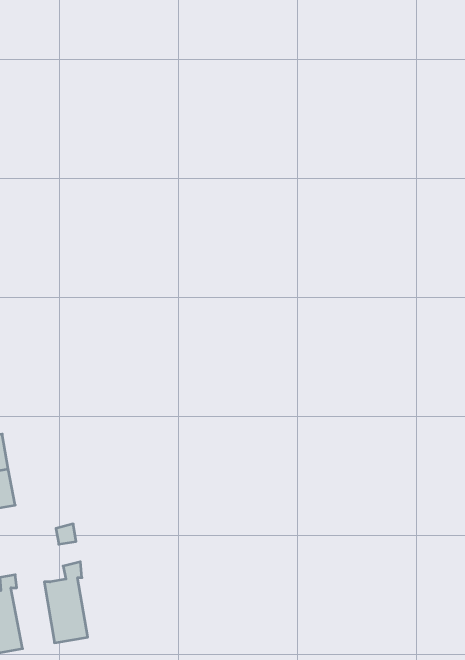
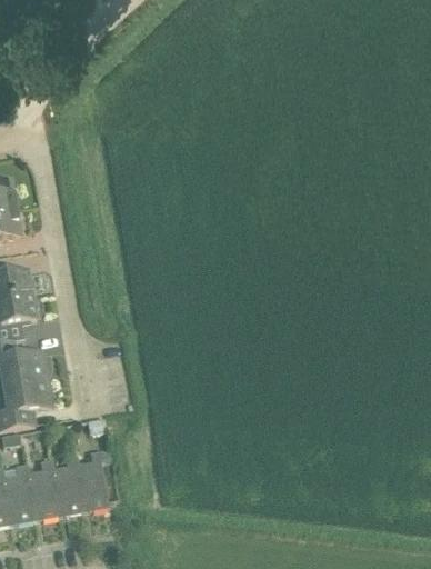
building: none -> [49,455,82,516]

